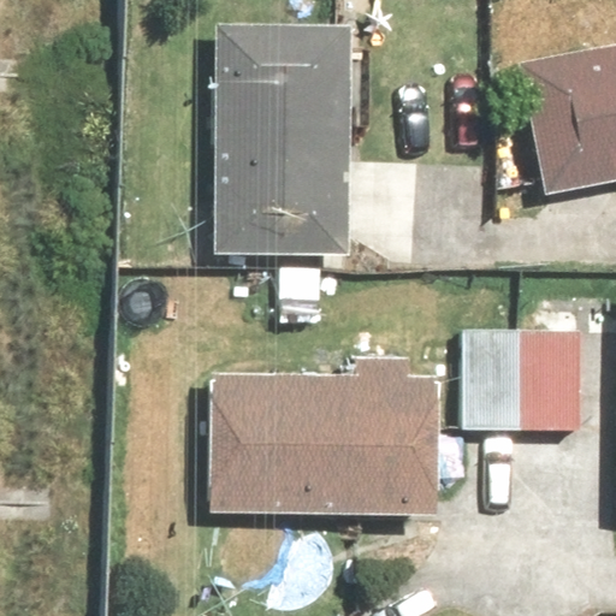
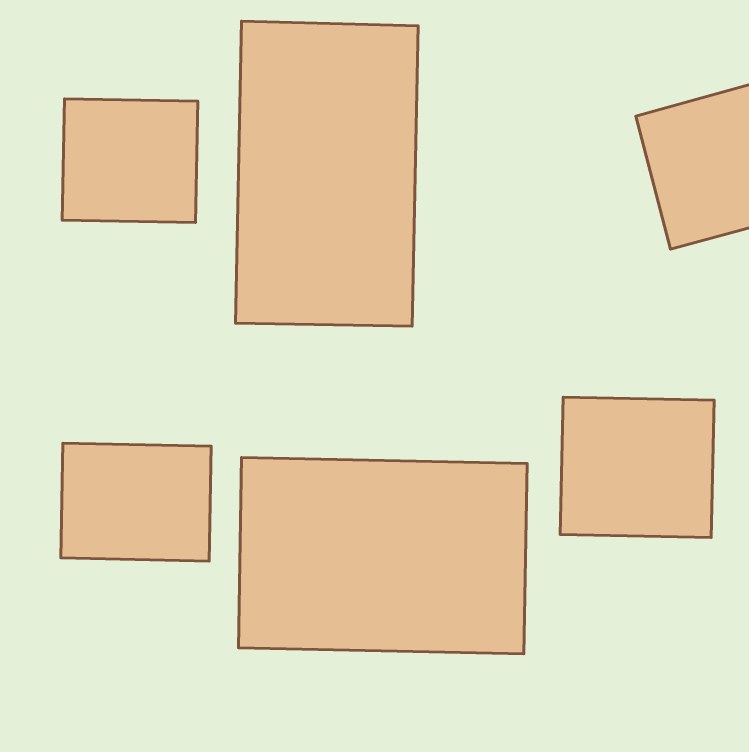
building: none -> [62,99,198,223]
building: none -> [61,443,211,561]

